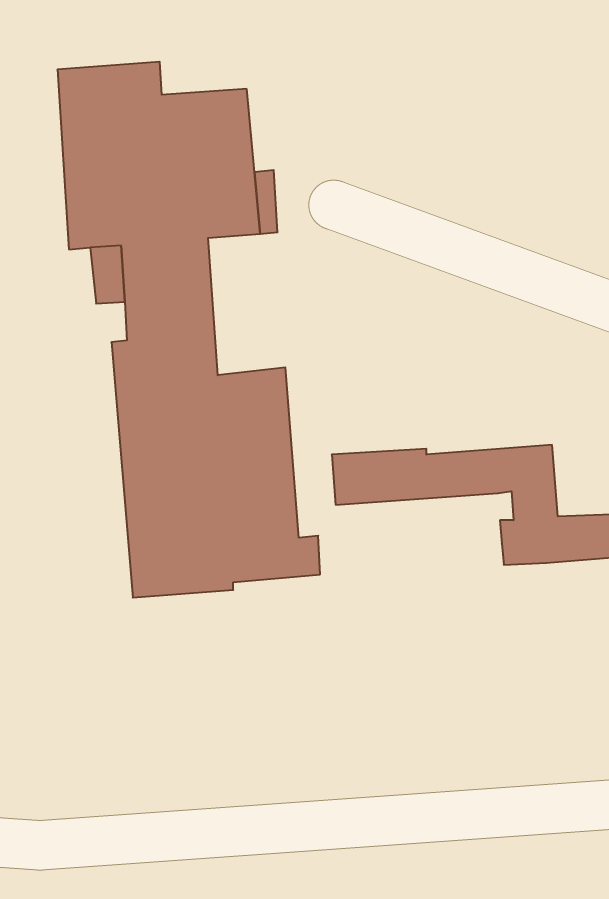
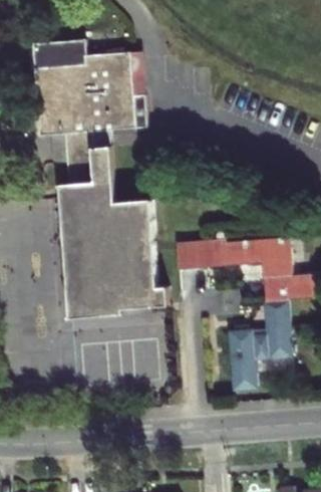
building: none -> [228,299,290,390]

